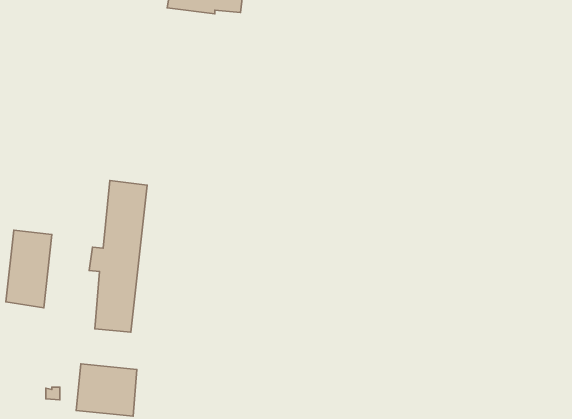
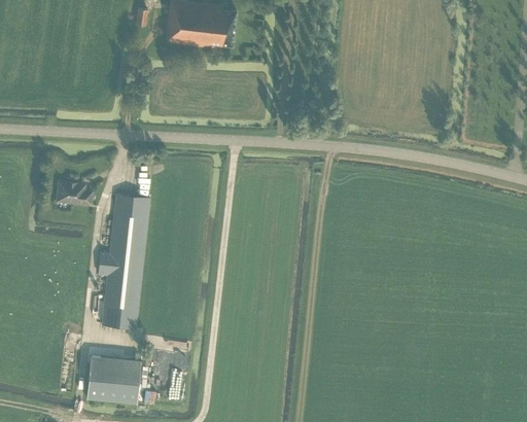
building: none -> [55,181,90,203]
building: [6,230,52,308] -> none

